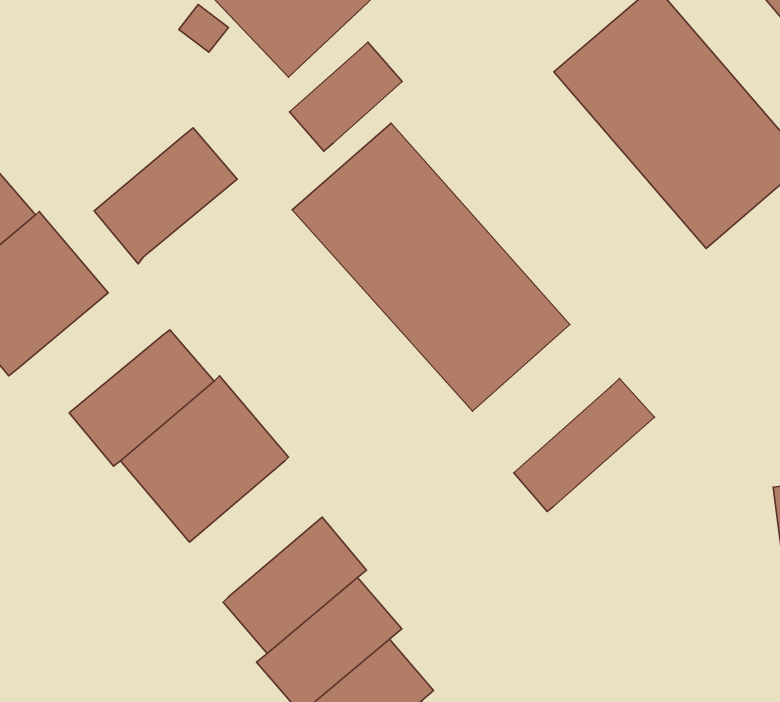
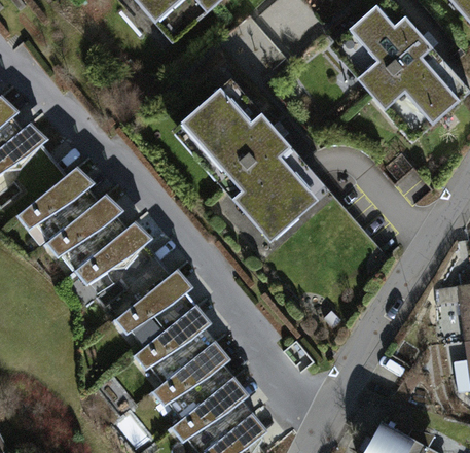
building: [289,42,402,151] -> none
building: [94,128,237,264] -> [17,169,101,248]
building: [514,379,654,511] -> none
building: none -> [114,272,197,351]

